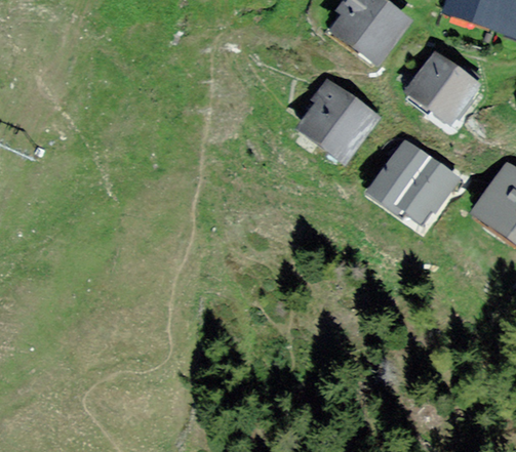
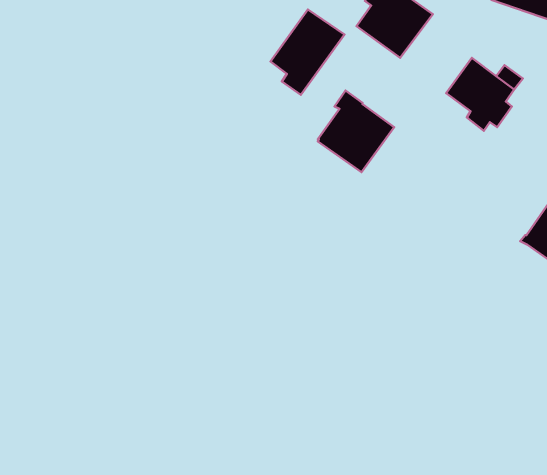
building: none -> [270,10,345,95]
building: [374,149,446,216] -> none

